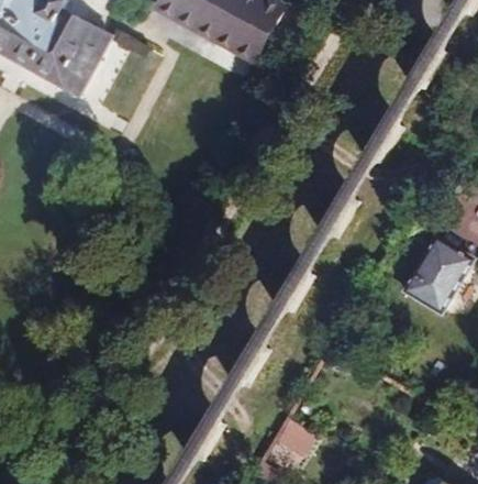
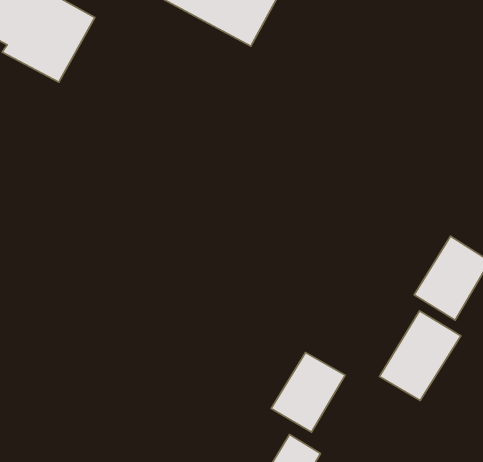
building: none -> [379,311,461,400]
building: none -> [271,352,345,432]

